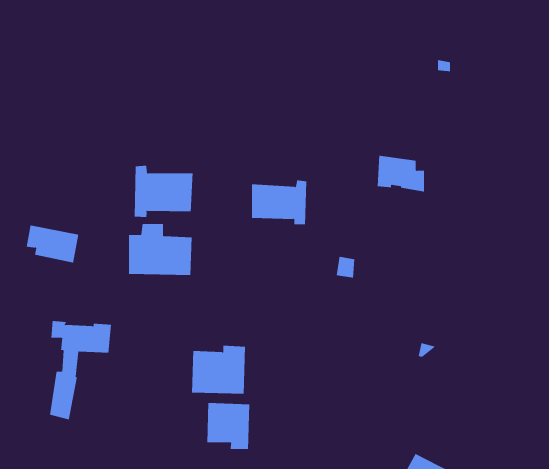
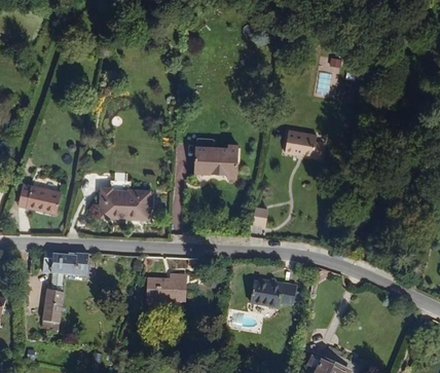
building: [134,165,193,218] -> none
building: none -> [252,278,297,305]
building: [207,402,250,450] -> none

